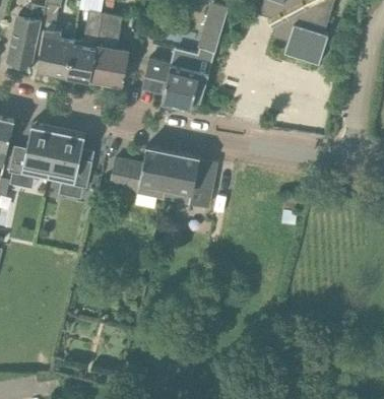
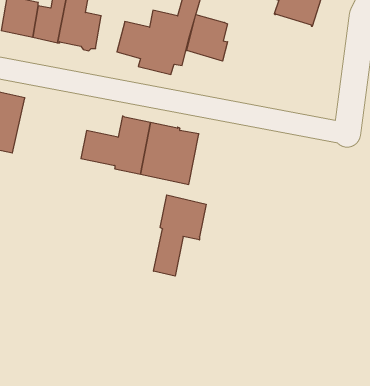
building: none -> [187,14,228,61]
building: [47,130,91,189] -> none
building: none -> [154,195,206,276]

